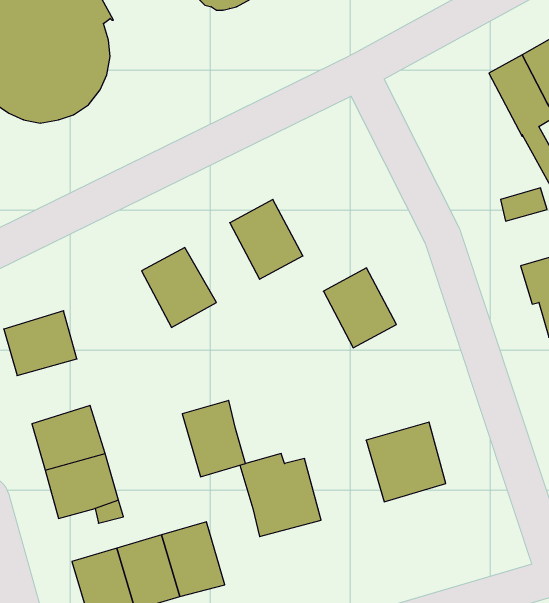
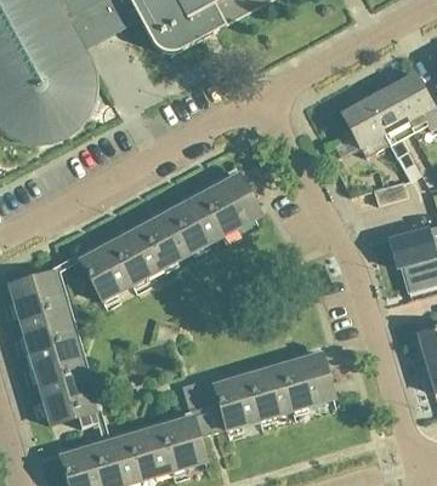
building: none -> [334,98,390,156]
building: none -> [143,207,198,265]
building: [323,268,396,348] -> [208,173,261,231]
building: none -> [80,242,134,301]
building: none -> [21,307,74,354]
building: [182,400,245,477] -> [159,416,205,471]
building: none -> [231,366,289,424]

